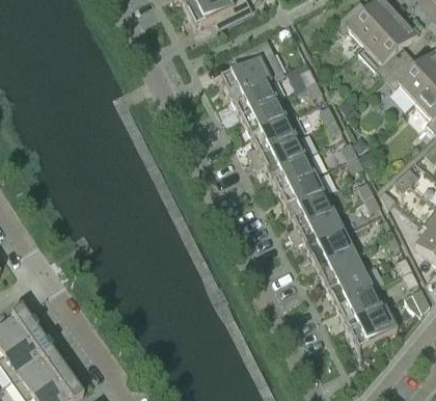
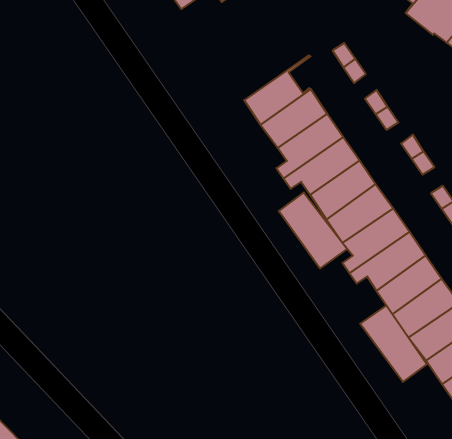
building: [219,41,282,99] -> none
building: none -> [279,192,347,268]
building: none -> [360,306,427,382]

